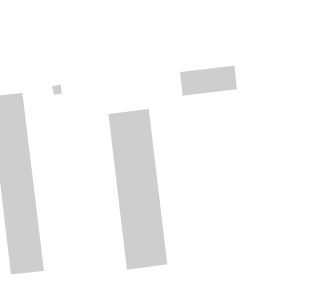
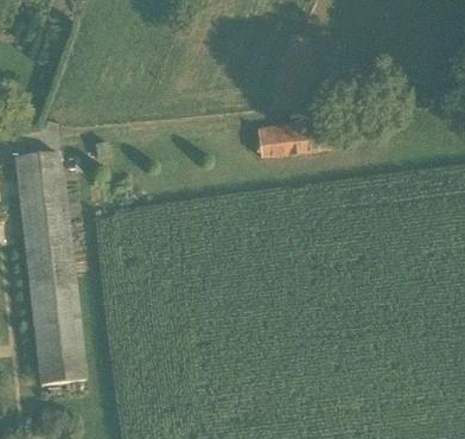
building: [108,108,168,270] -> none

